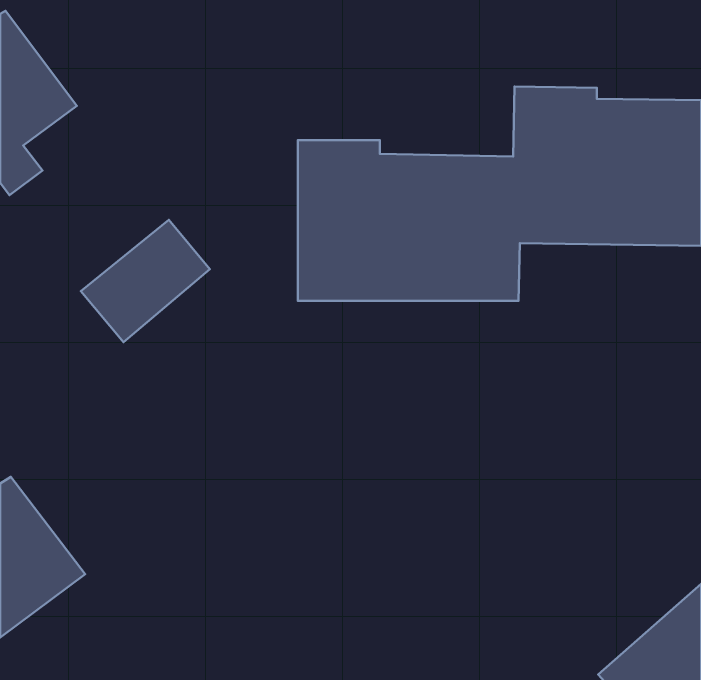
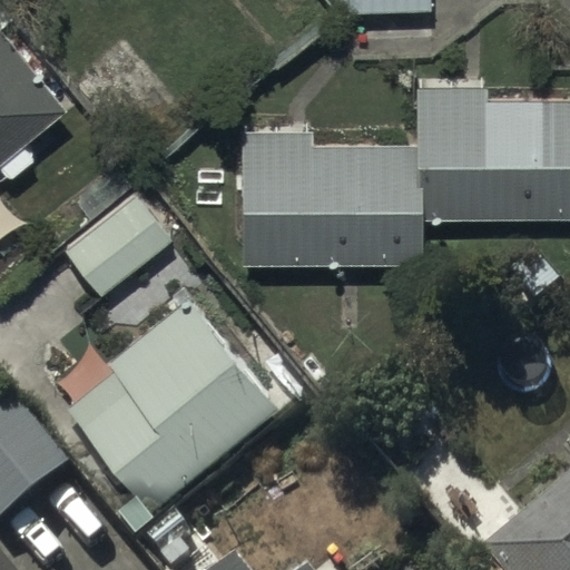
building: none -> [66,297,275,508]

